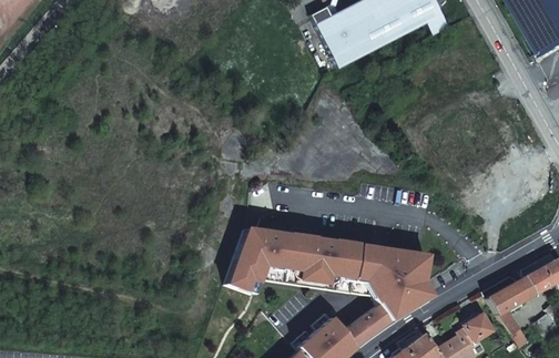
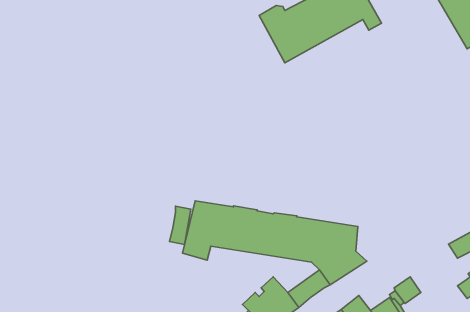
building: none -> [169,206,191,244]
building: [486,279,528,346] -> none

